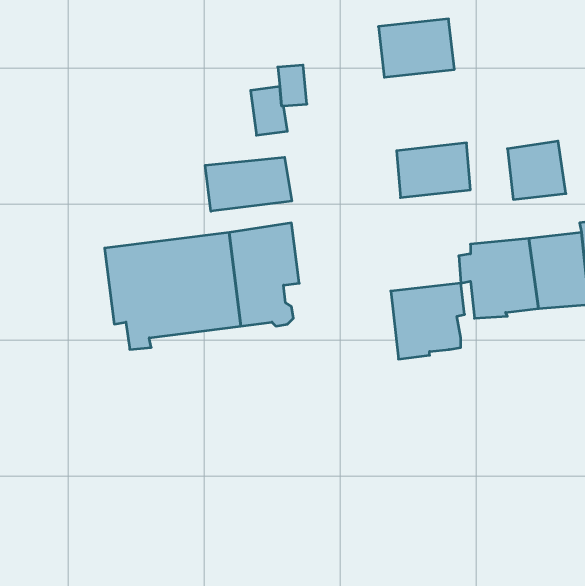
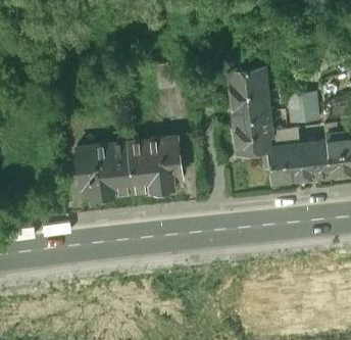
building: [378,19,454,77] -> [229,66,268,97]
building: [205,157,292,211] -> none
building: [391,283,465,359] -> [234,117,272,157]

